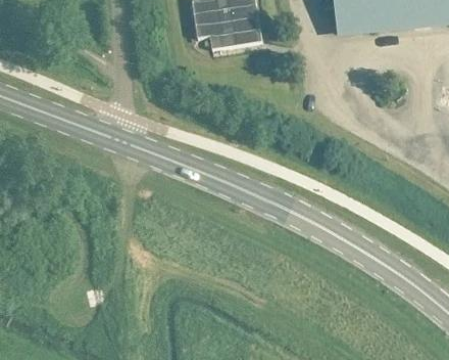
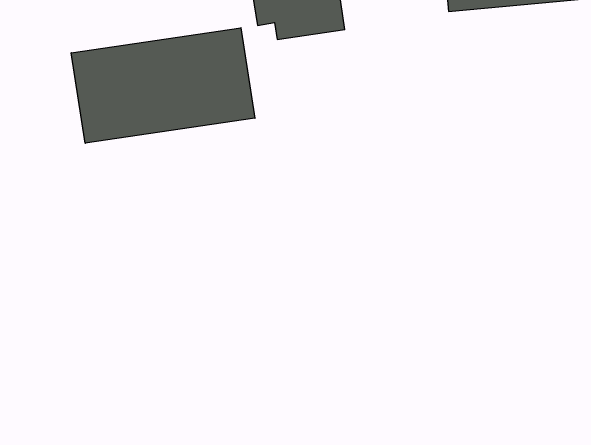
building: none -> [71,28,255,143]

